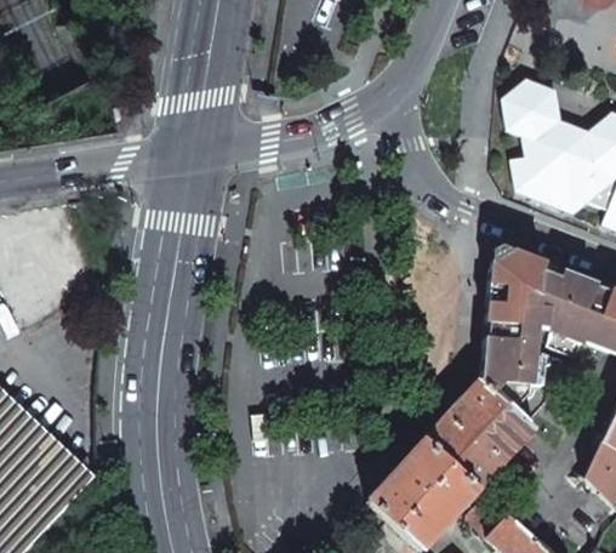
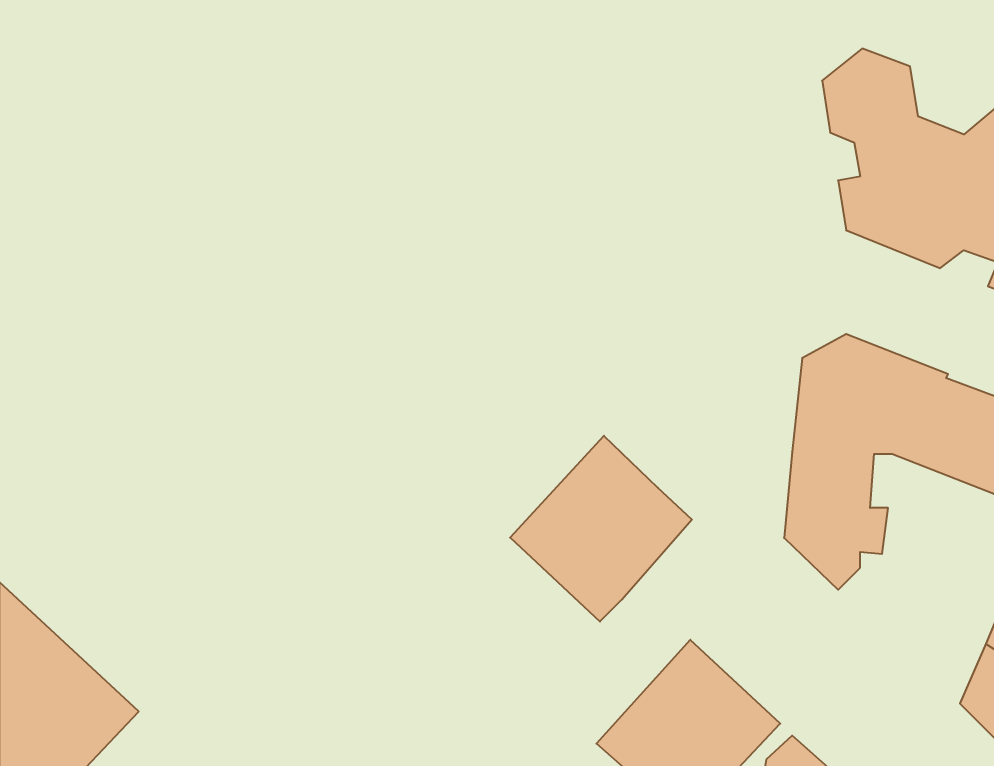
building: [423,376,534,489] -> [510,436,692,622]

